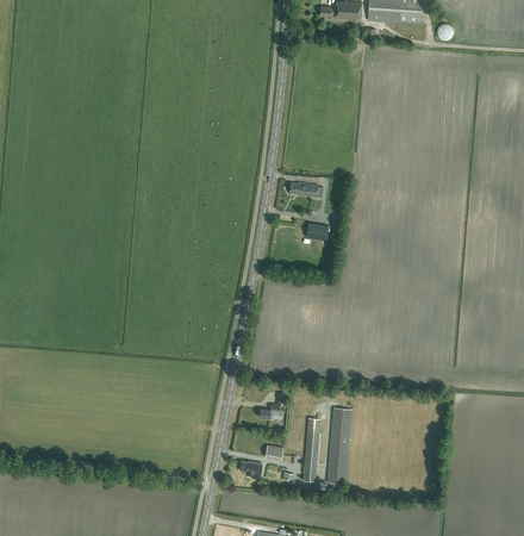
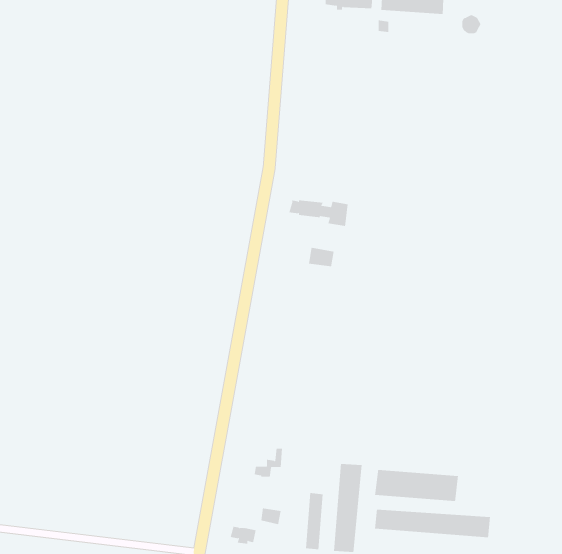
building: none -> [375,469,458,502]
building: none -> [375,509,491,538]

